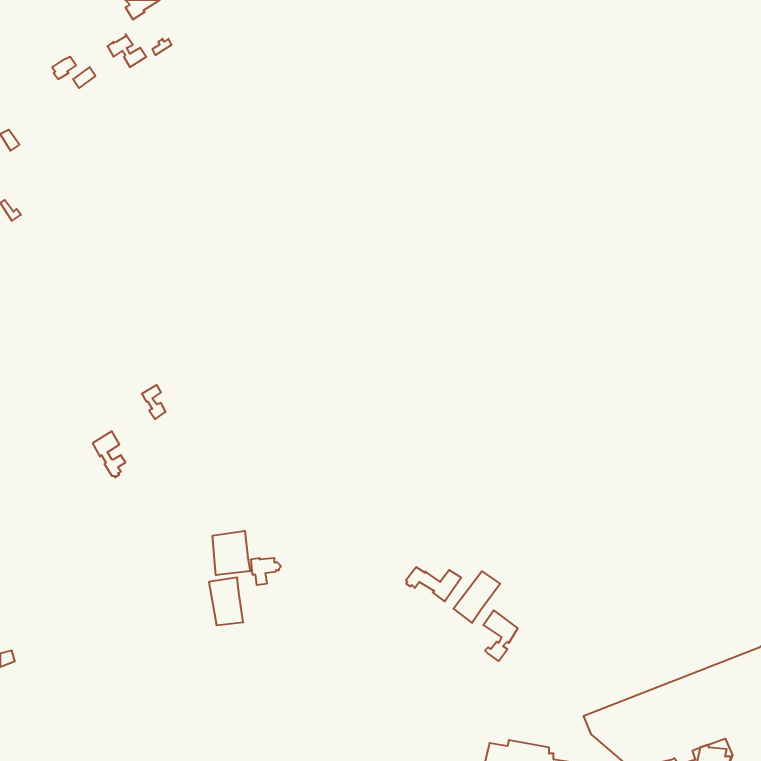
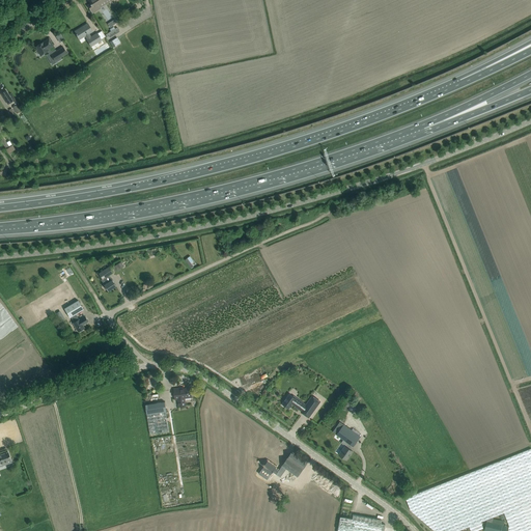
building: [213,531,250,575] -> none
building: [453,571,500,623] -> none
building: none -> [262,452,308,478]

